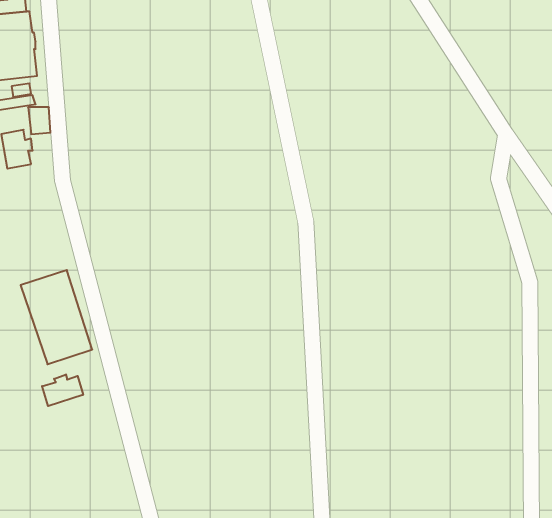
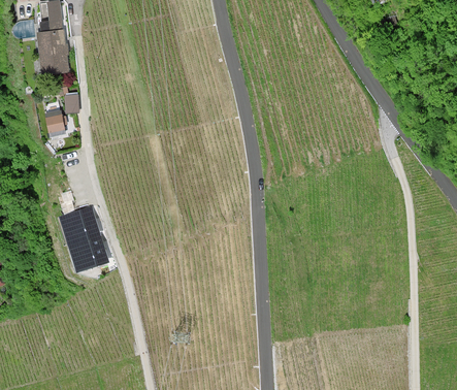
building: [42,374,83,406] -> none

